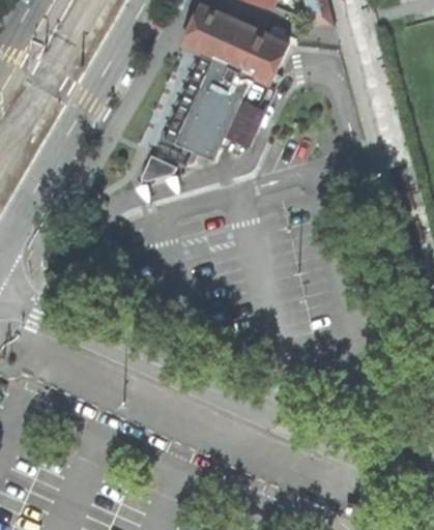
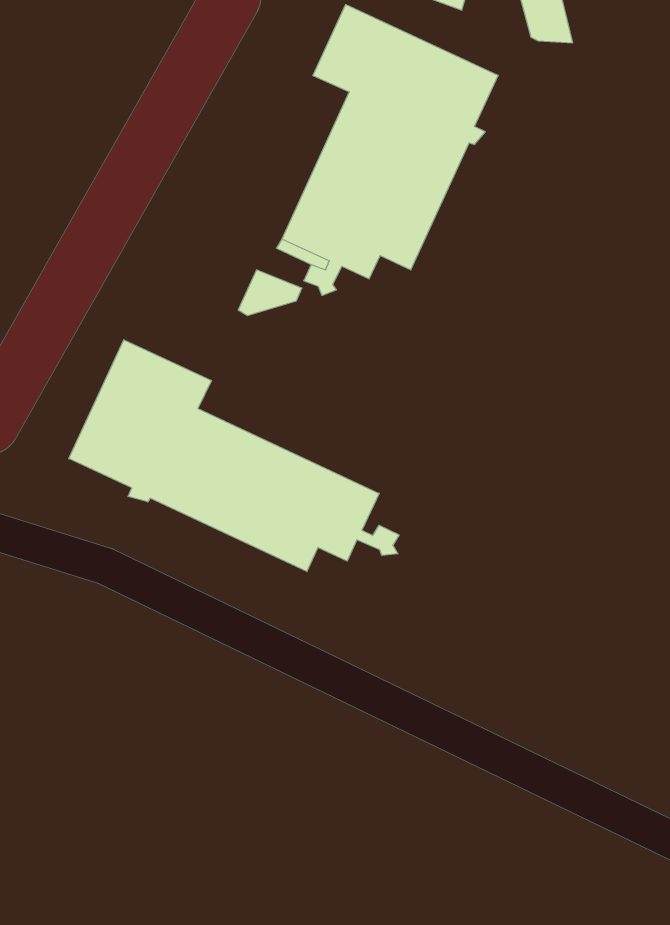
building: none -> [69,340,399,572]

